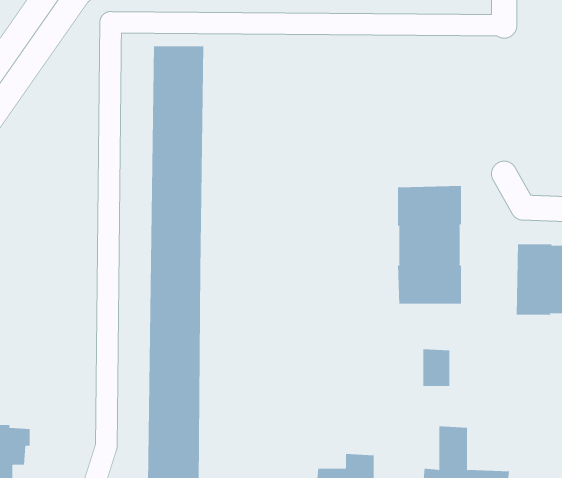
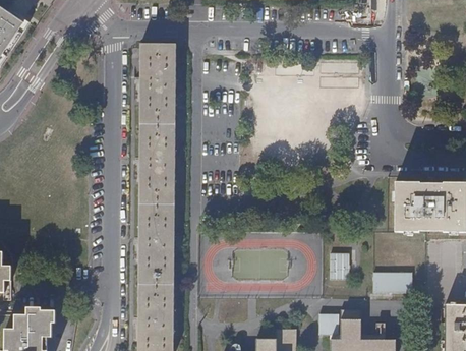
building: [398,185,461,304] -> none
building: none -> [371,273,410,294]
building: none -> [317,314,338,335]

